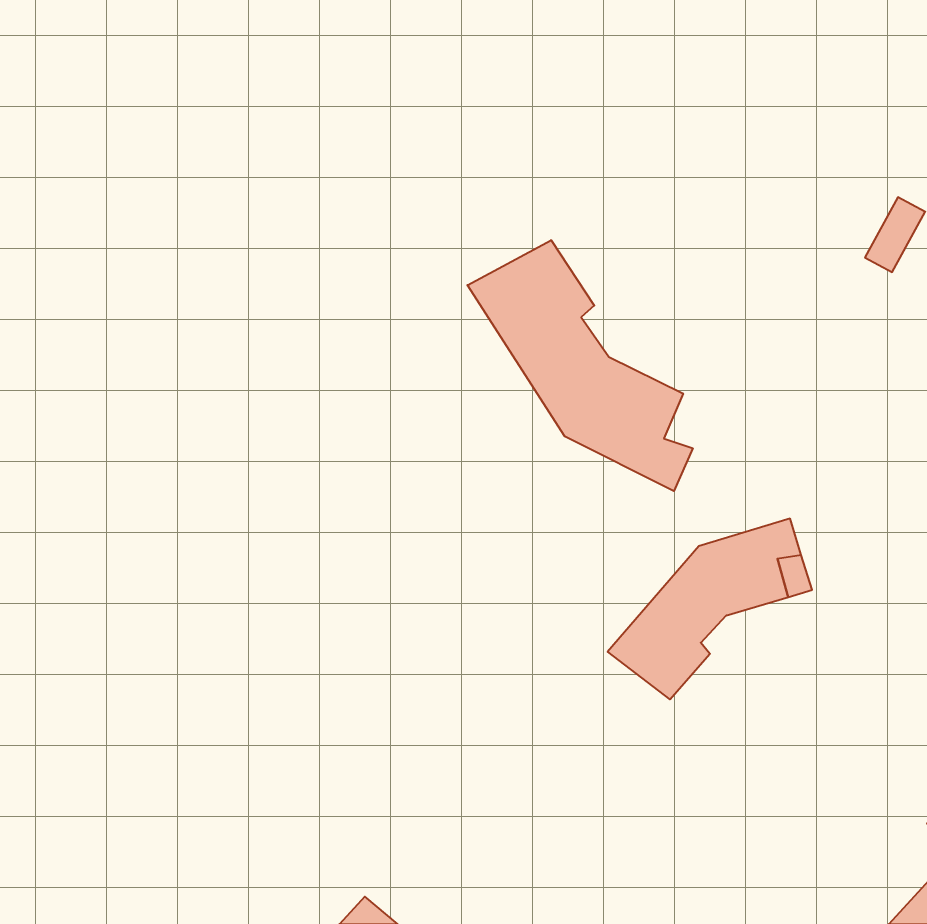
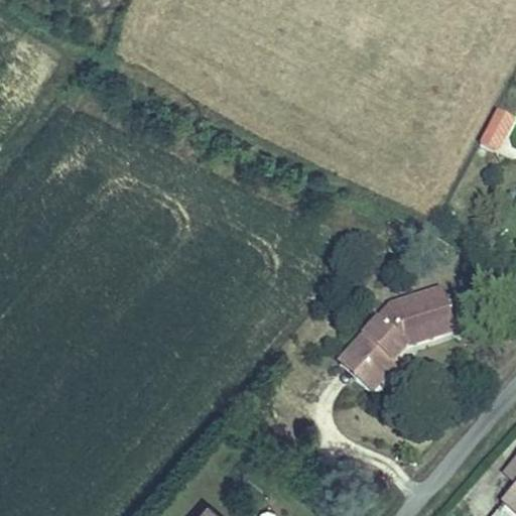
building: [467,240,693,491] -> none

